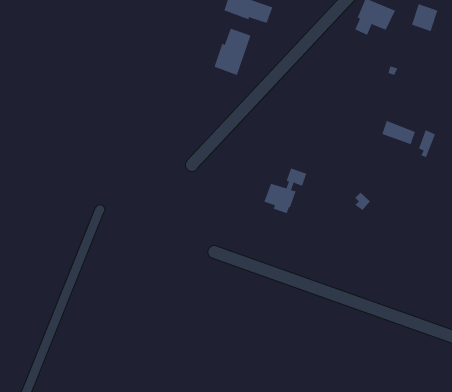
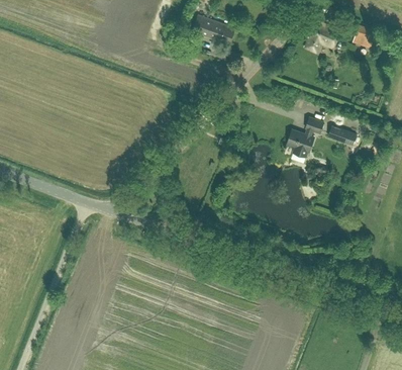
building: [214,28,251,76] -> none
building: [263,168,307,214] -> [286,116,323,156]

